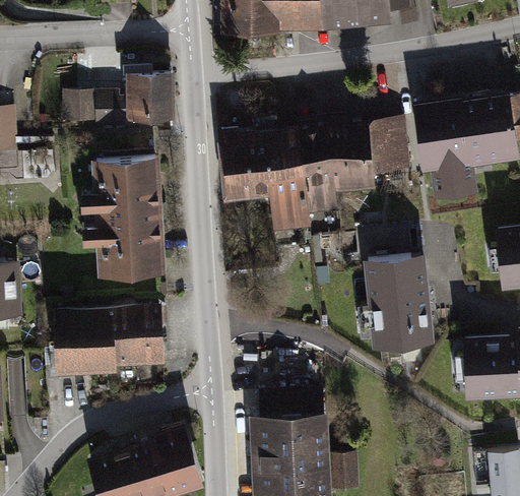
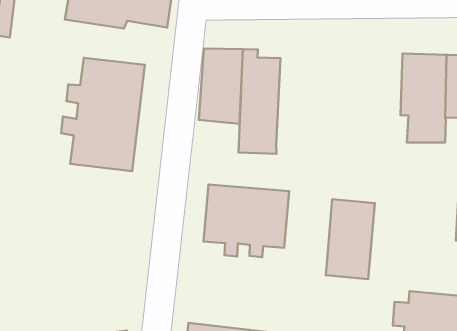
building: [294,115,408,220] -> none
building: none -> [204,184,289,257]
building: [56,305,162,374] -> none

